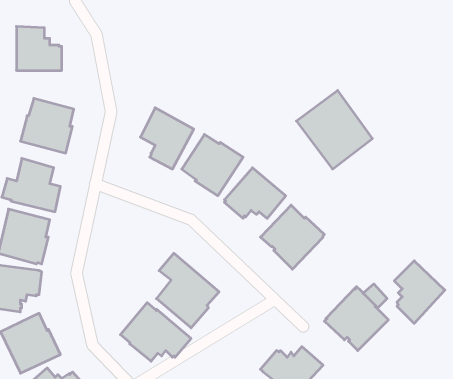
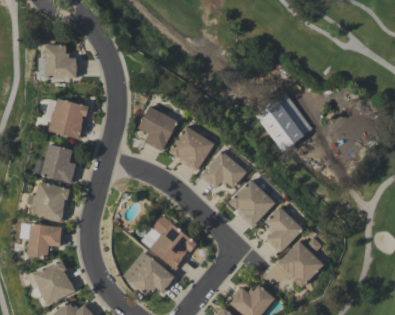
building: [394,261,445,323] -> [265,206,303,253]

